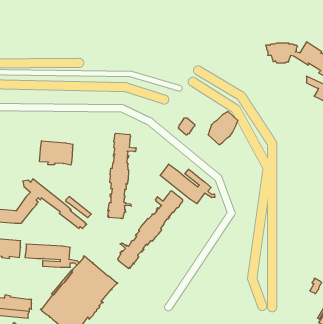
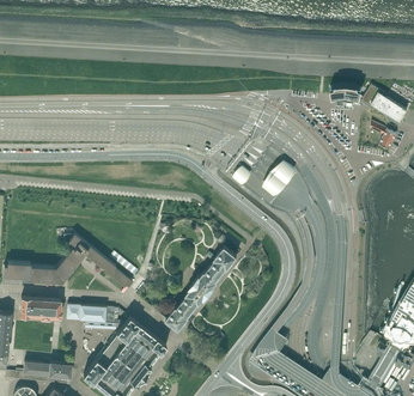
building: [108,133,136,219] -> none
building: [40,141,73,165] -> none
building: [160,164,215,204] -> none

